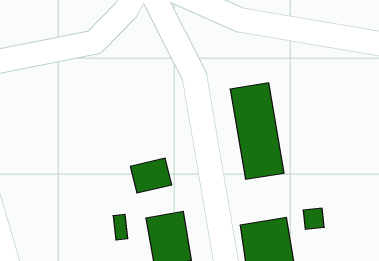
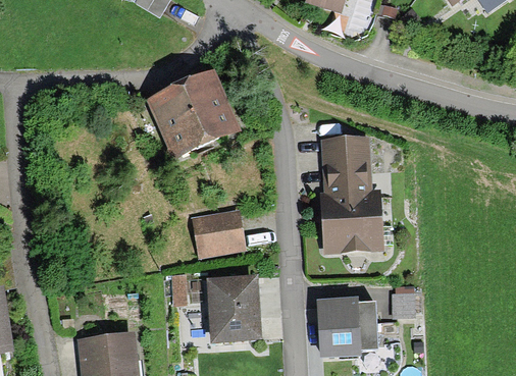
building: none -> [152,77,231,156]

